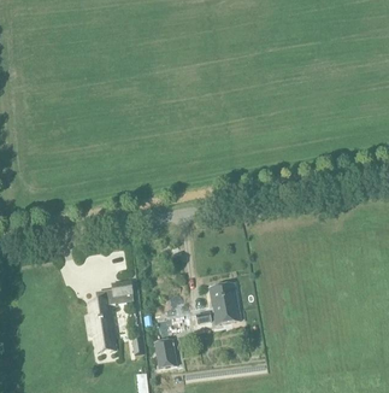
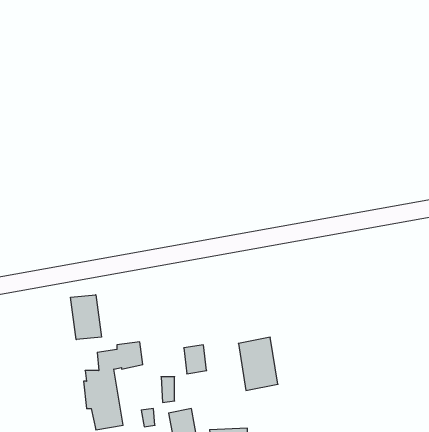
building: none -> [71,295,101,340]

